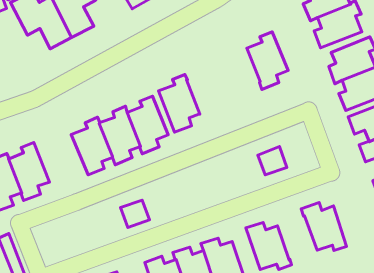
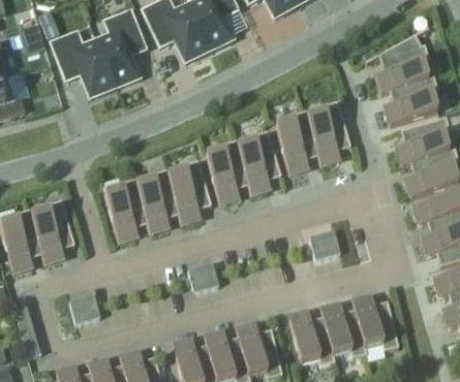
building: none -> [275,110,318,173]
building: none -> [237,130,280,193]
building: [121,200,150,227] -> [187,262,218,291]
building: none -> [319,304,366,357]
building: none -> [69,293,99,323]

